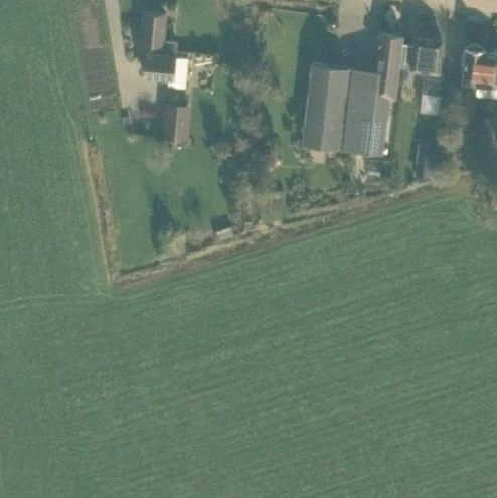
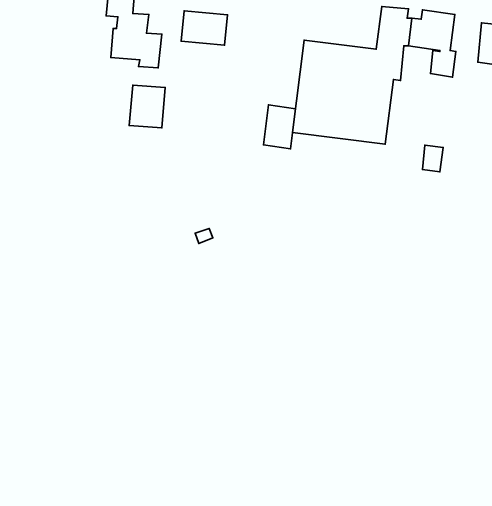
building: none -> [181,11,228,45]
building: none -> [263,105,296,149]

